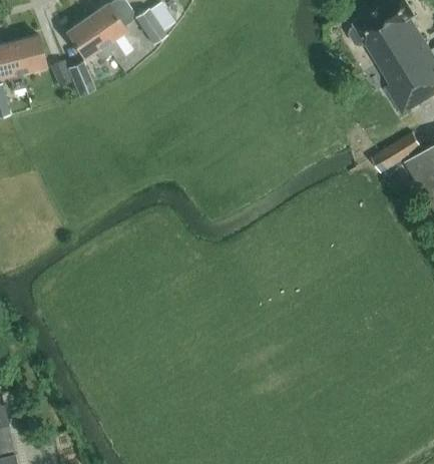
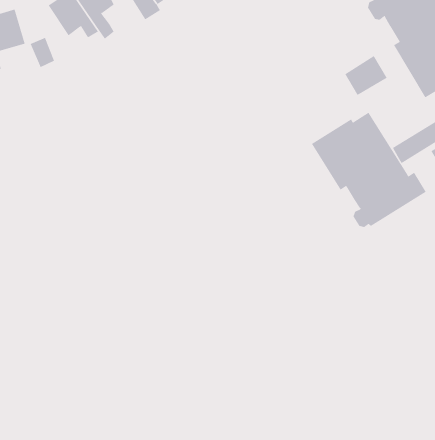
building: [67,62,94,96] -> none
building: none -> [344,55,388,96]
building: none -> [311,112,427,228]

